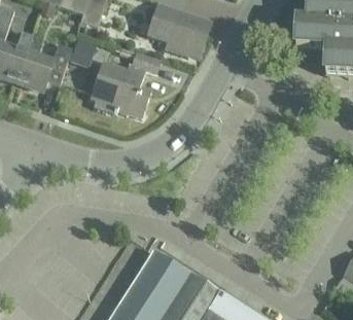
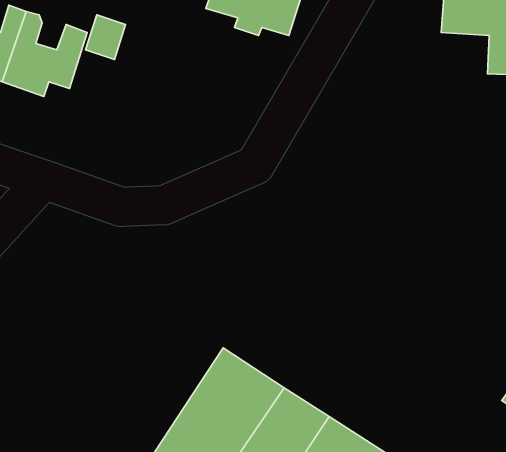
building: [91,50,161,115] -> none

